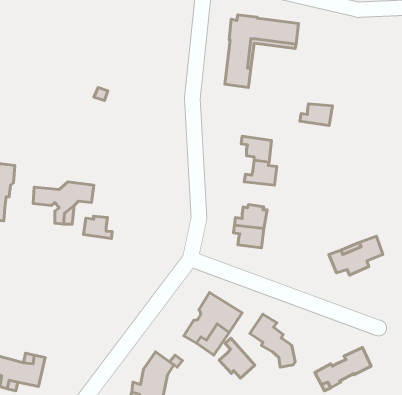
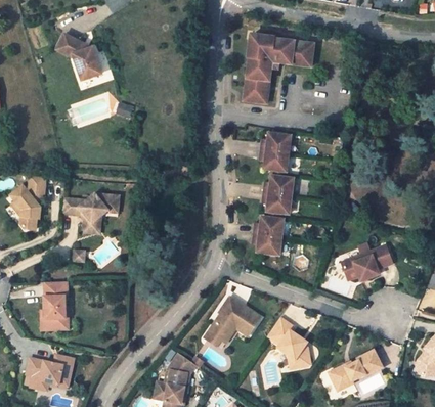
building: none -> [56,33,98,80]
building: [300,104,332,125] -> [260,133,291,153]
building: none -> [261,192,291,216]
building: [84,216,112,238] -> none
building: none -> [41,281,68,328]
building: [219,338,255,378] -> none

